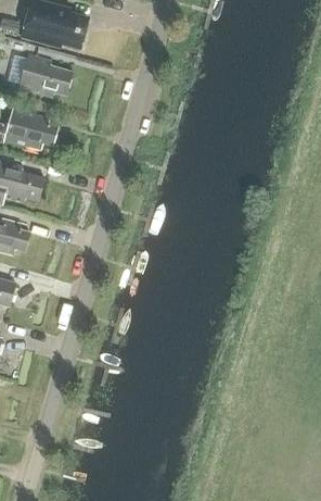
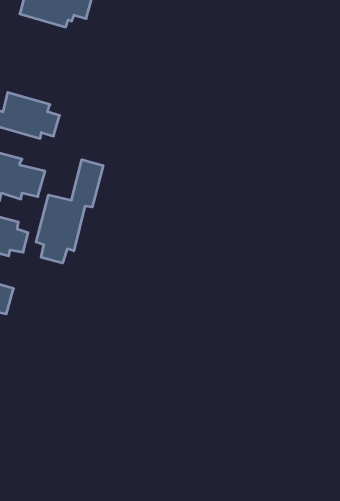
building: [18,53,73,96] -> none
building: none -> [36,160,103,263]

